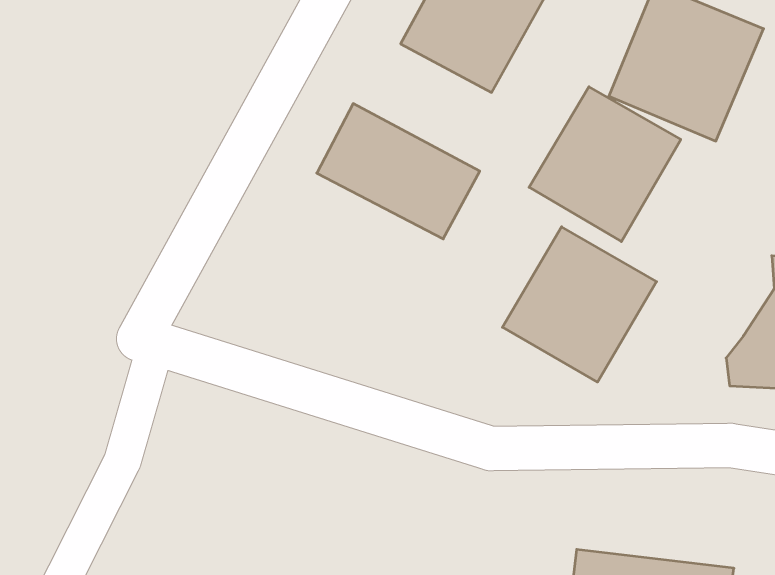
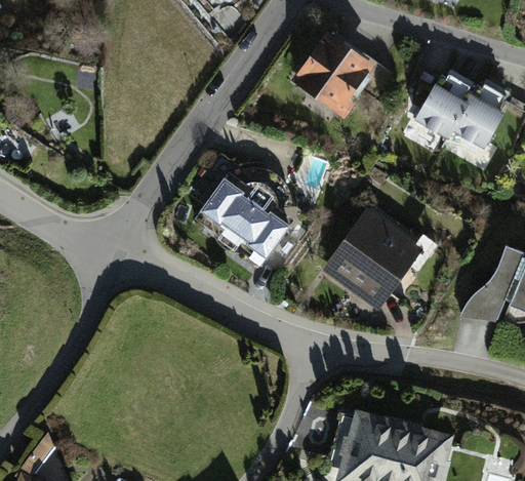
building: [529,87,681,242] -> none
building: [317,104,480,239] -> [194,174,294,265]

